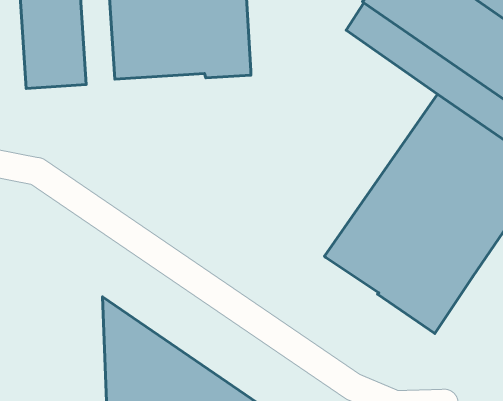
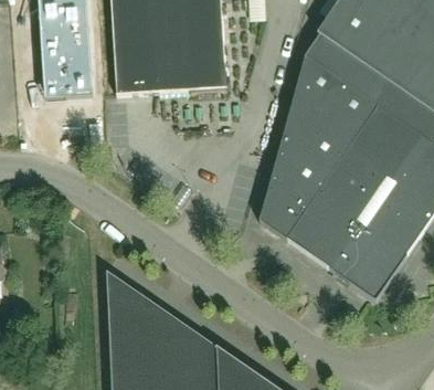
building: none -> [258,53,378,239]

